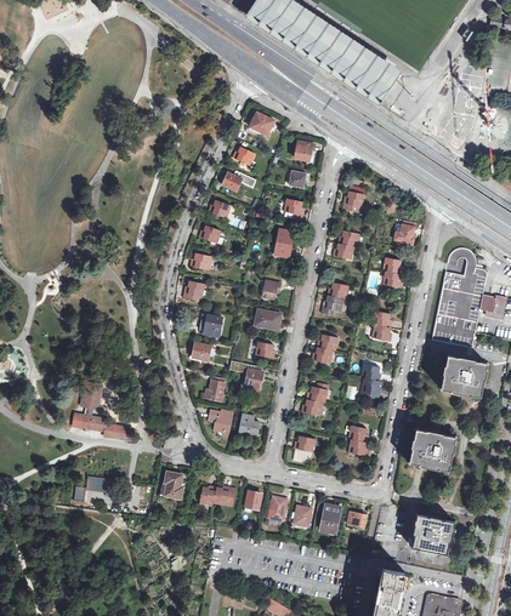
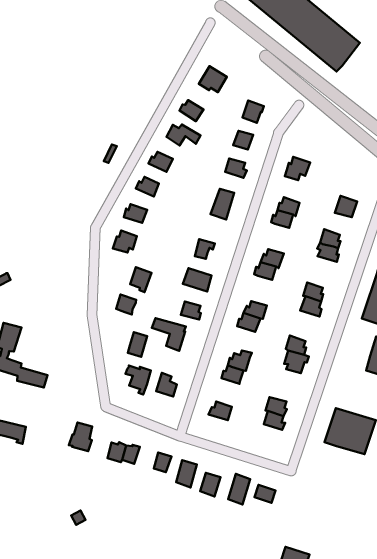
building: [413,514,455,554] -> none

